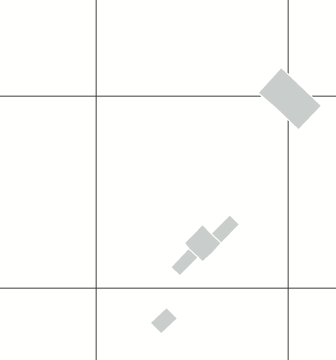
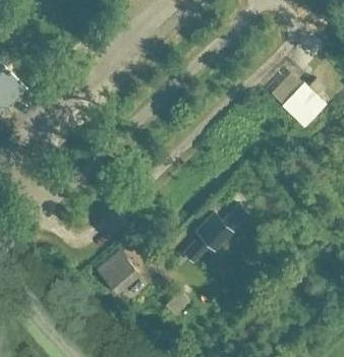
building: none -> [99,254,138,294]

